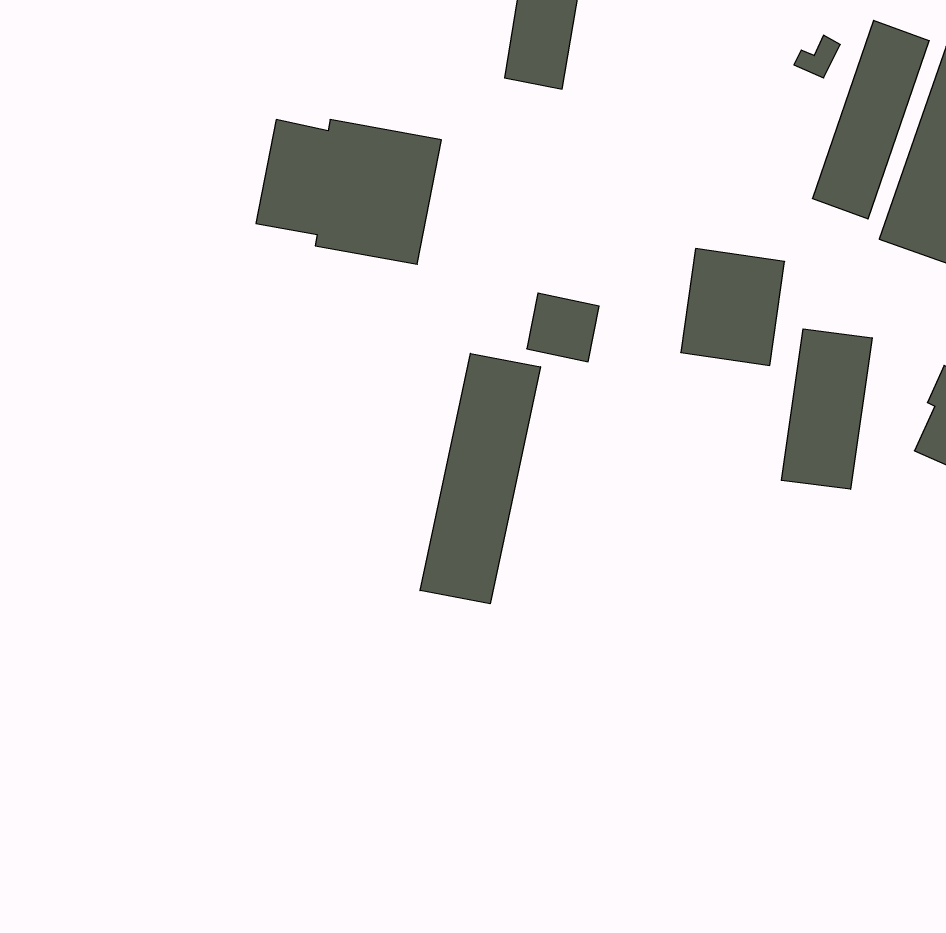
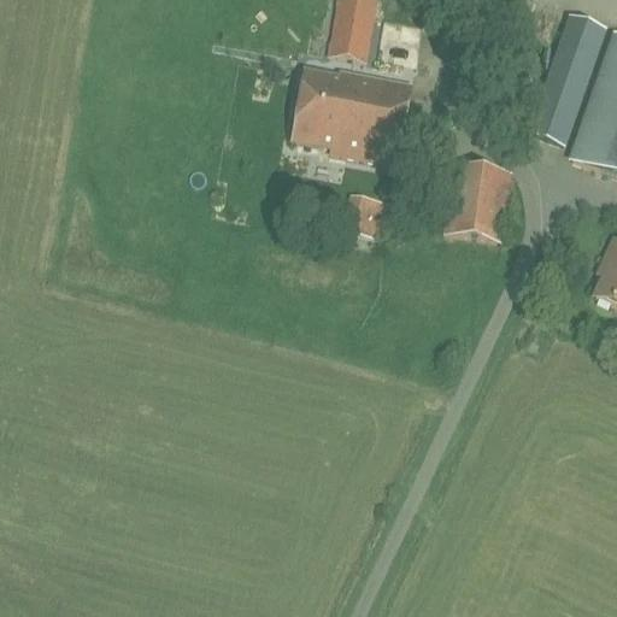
building: [256,120,441,264] -> [292,69,412,163]
building: [781,329,872,489] -> none
building: [420,353,540,604] -> none

